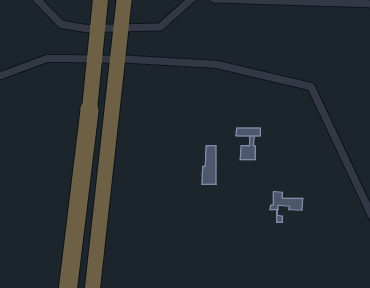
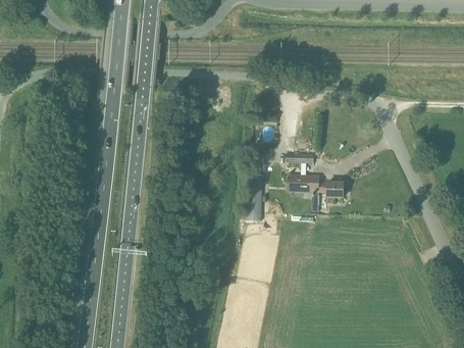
building: [270,192,303,222] -> [304,176,344,212]

